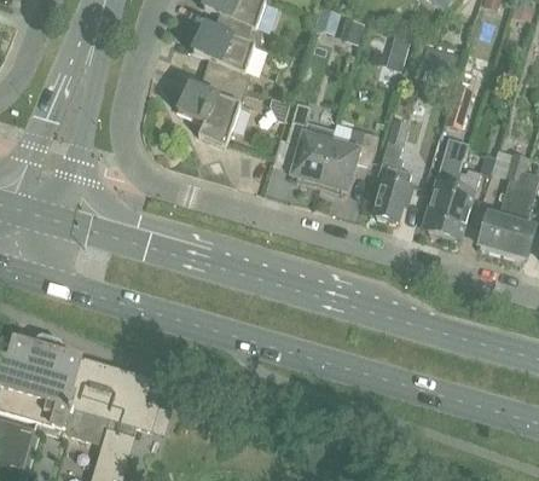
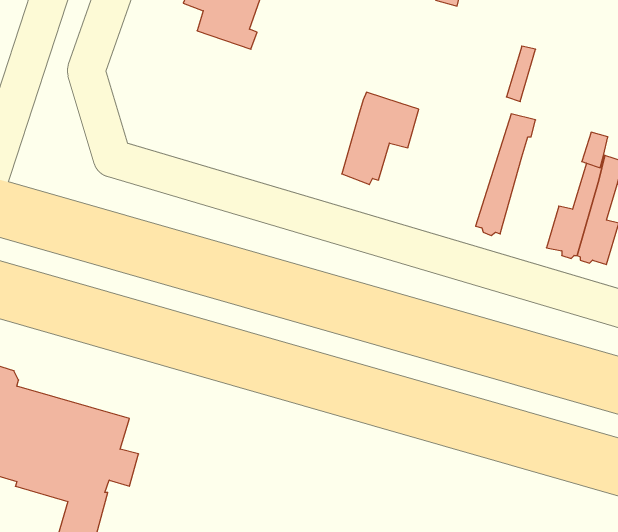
building: [178,71,245,145] -> none
building: [284,99,334,184] -> none
building: [371,117,412,218] -> none
building: [441,167,479,237] -> none

